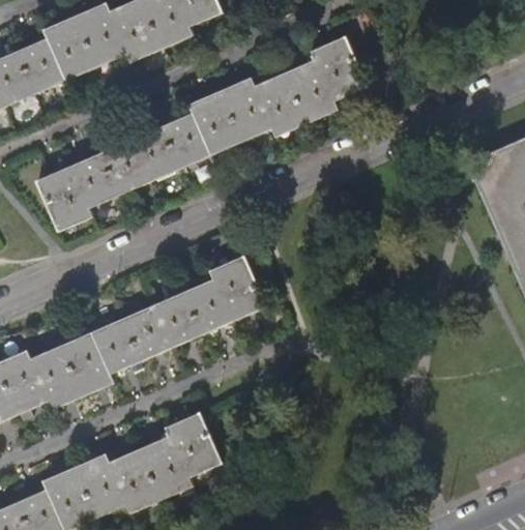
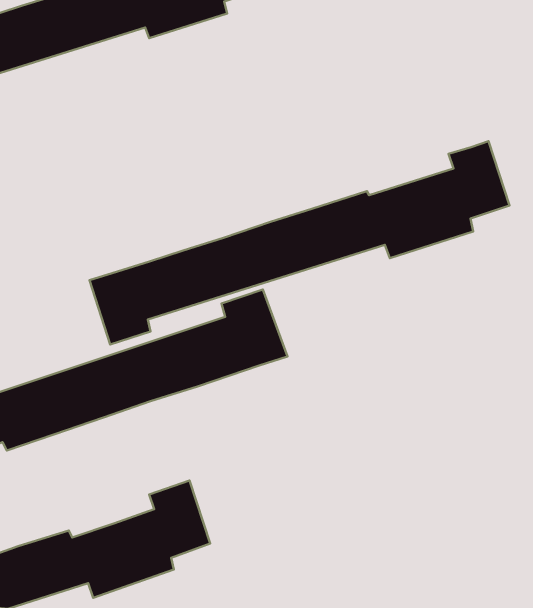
building: [37,36,367,229] -> [89,141,509,344]

